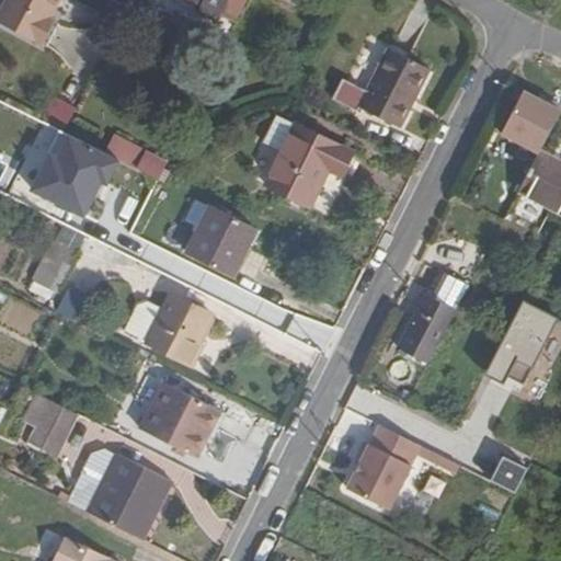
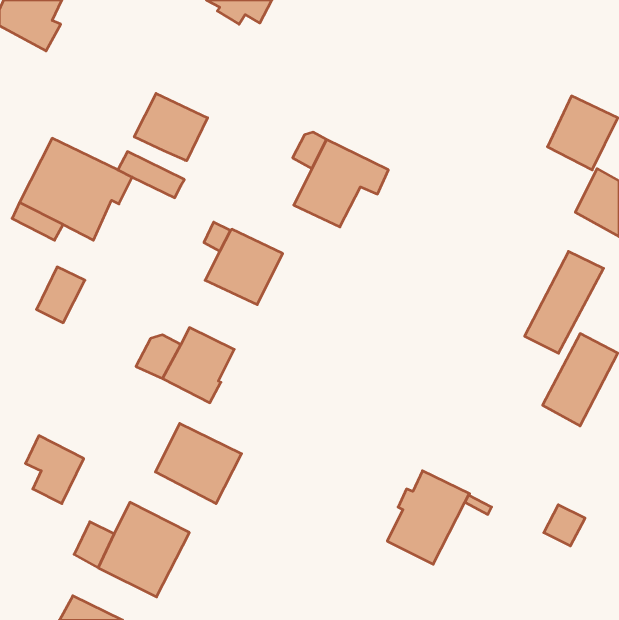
building: [332,49,427,128] -> none
building: none -> [134,93,208,161]
building: [399,271,470,363] -> [525,251,604,353]

